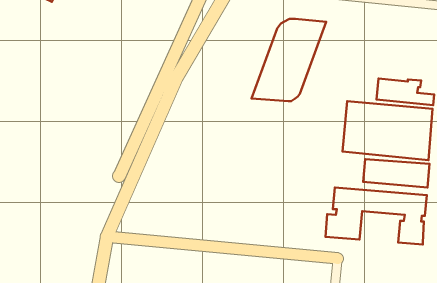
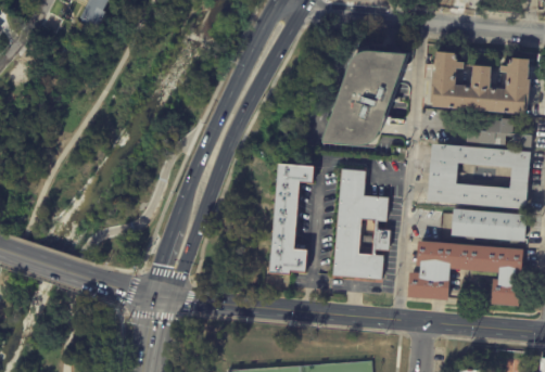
building: none -> [430,51,530,114]
building: none -> [269,162,314,273]
building: none -> [332,168,390,280]

